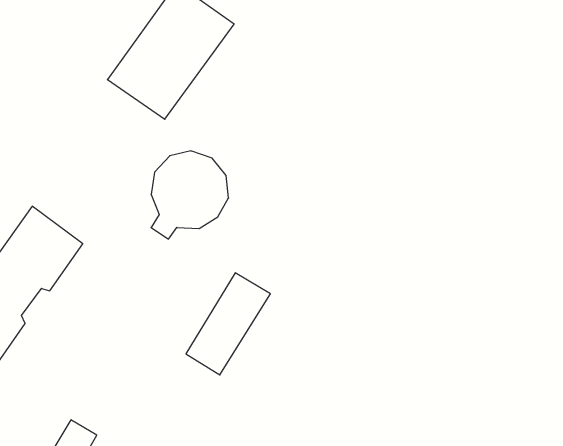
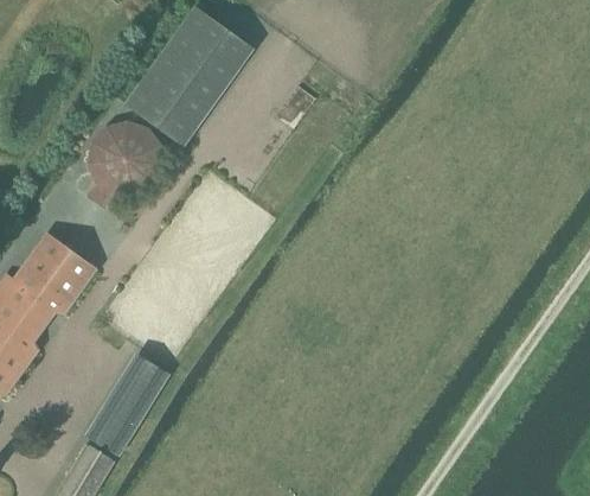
building: [151,151,229,239] -> [88,120,166,209]
building: [186,273,270,375] -> [85,354,171,457]

